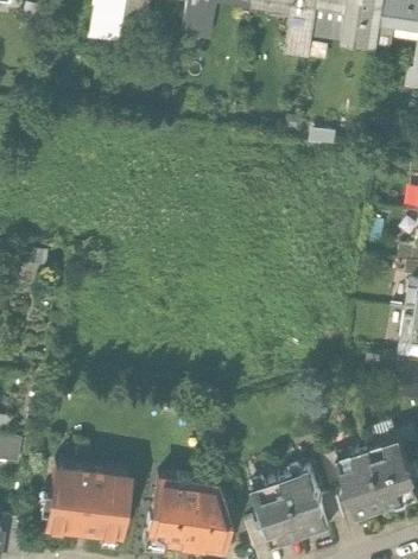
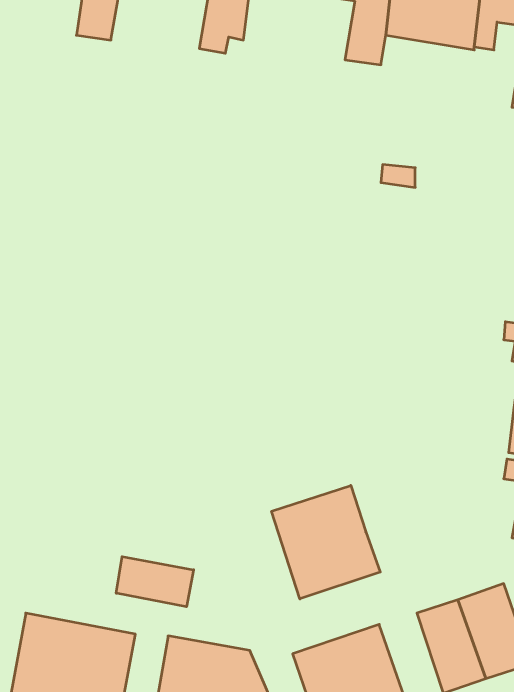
building: none -> [272,485,380,599]
building: none -> [116,557,194,607]

